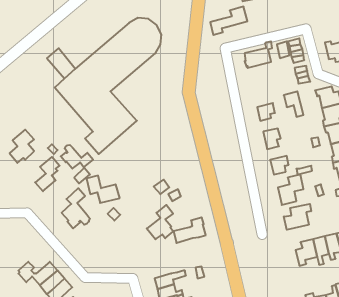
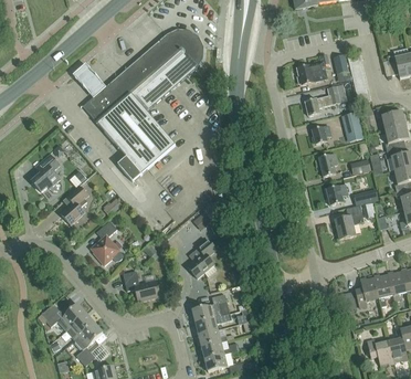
building: [210,7,247,35] -> [305,83,347,115]
building: [61,145,93,169] -> none
building: [86,176,120,203] -> [123,270,160,301]
building: [284,204,311,230] -> none
building: [173,217,206,243] -> [192,293,229,322]

